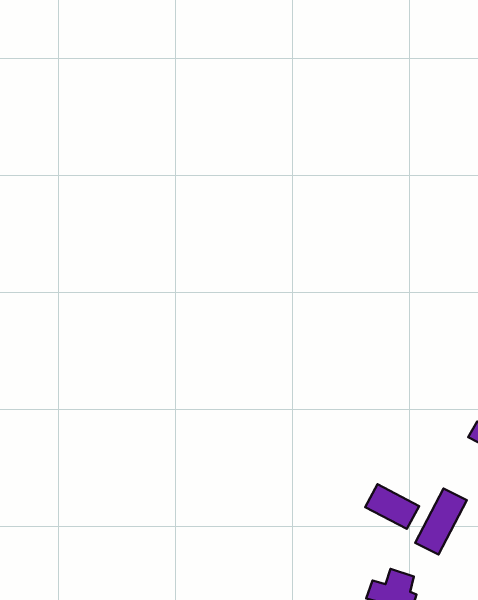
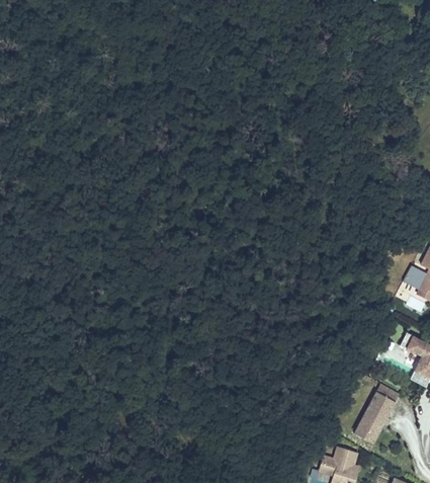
building: [365,484,419,529] -> none

